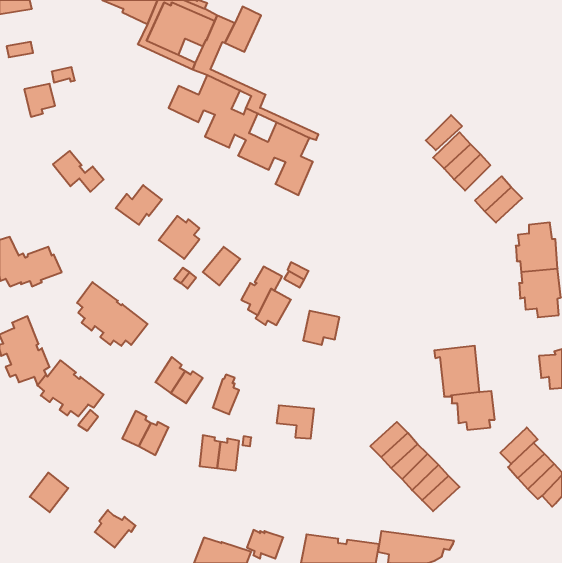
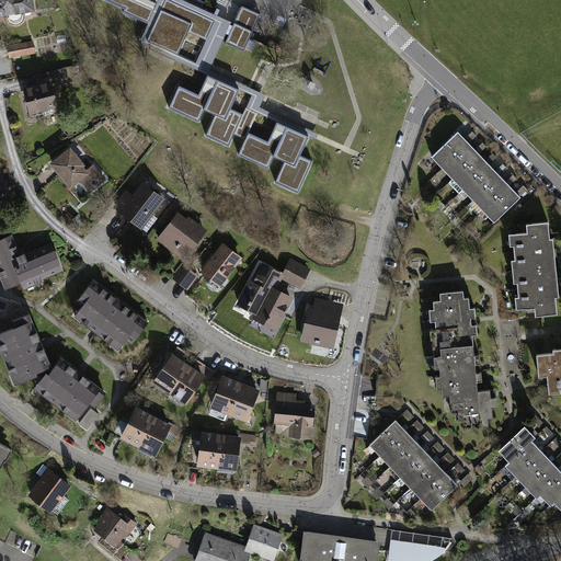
building: [426,115,462,150] -> [462,164,499,199]
building: none -> [431,290,472,348]
building: none -> [228,386,256,419]

